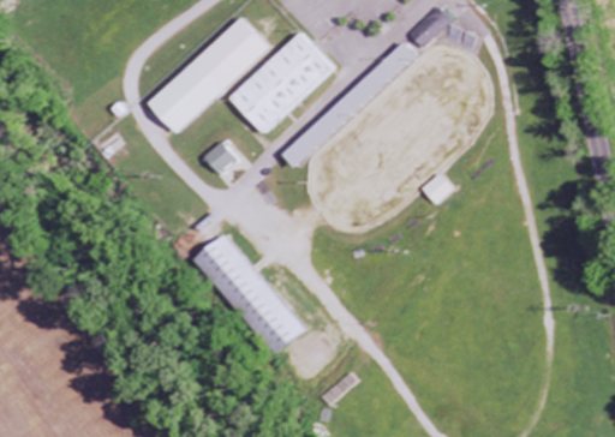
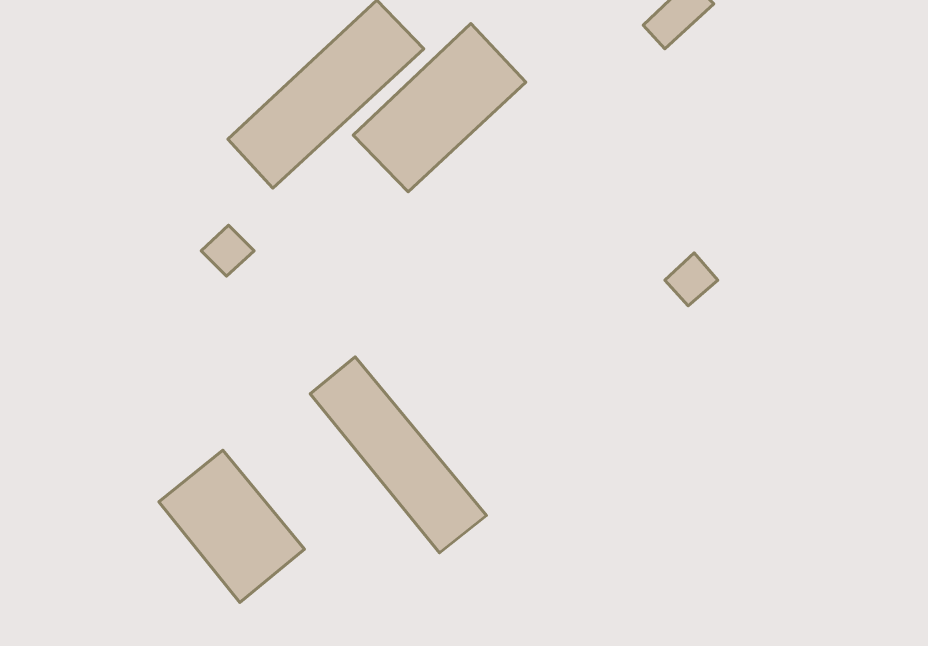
building: [282,42,416,168] -> none
building: [203,142,235,173] -> [201,225,254,276]
building: none -> [159,450,305,603]

